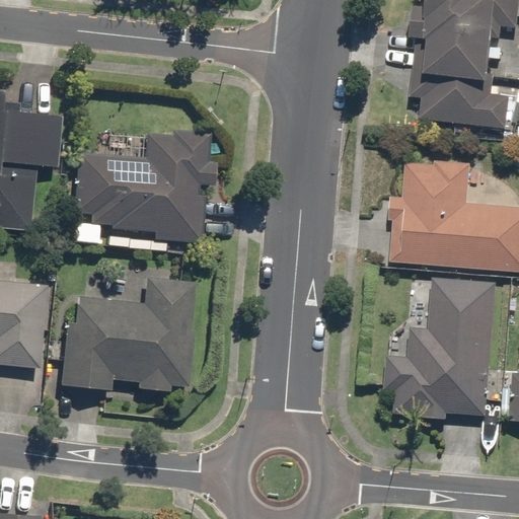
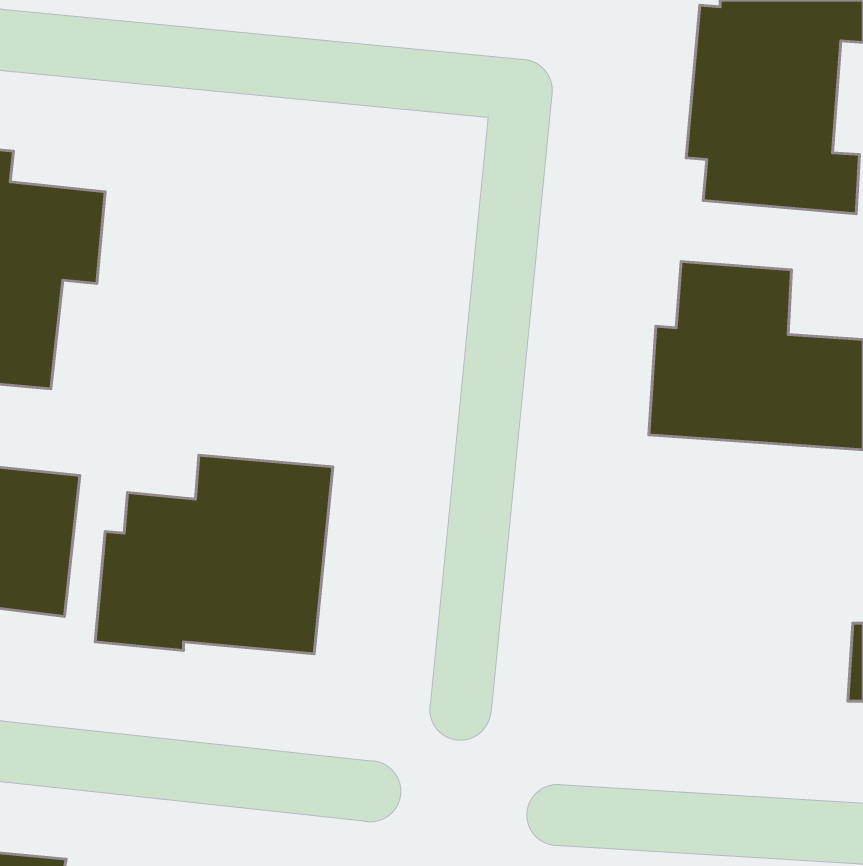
building: [72,129,219,242] -> none
building: [382,276,499,421] -> none

